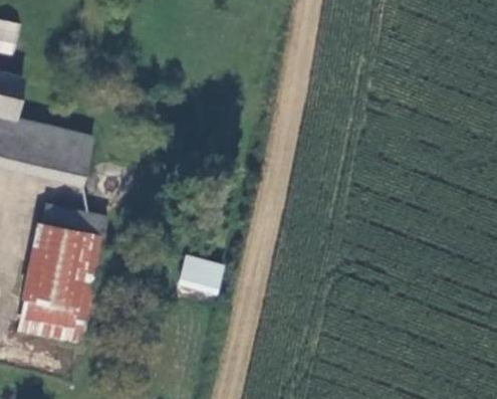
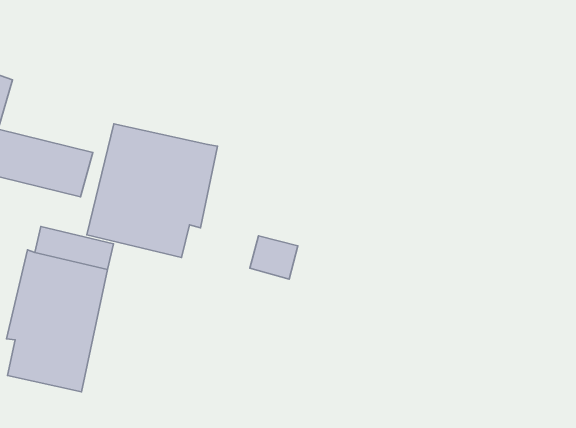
building: none -> [87,124,218,257]
building: [182,261,221,296] -> [250,236,298,279]

